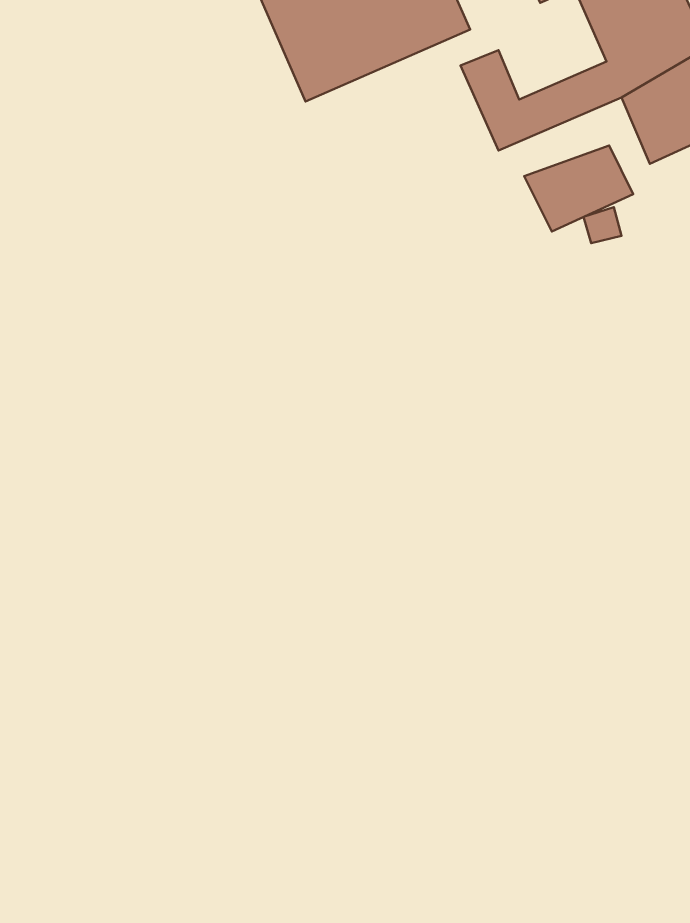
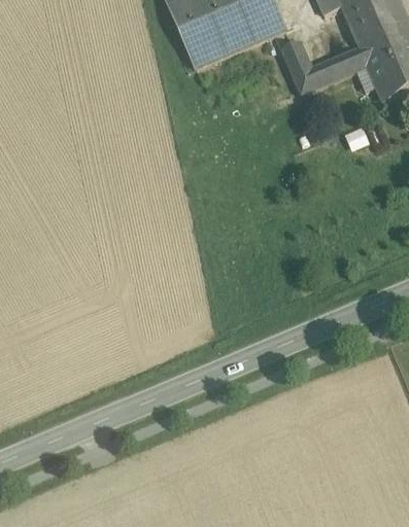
building: [524,146,633,231] -> none

